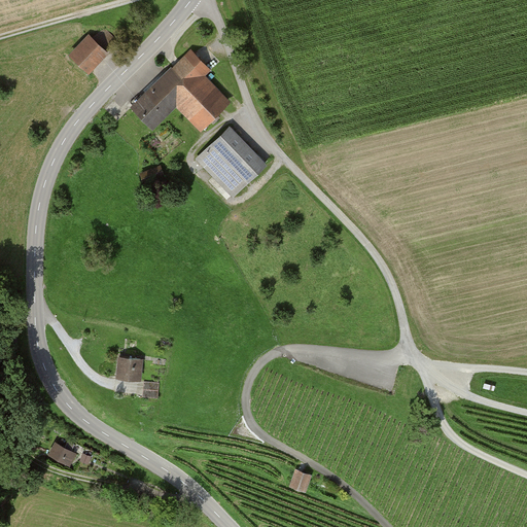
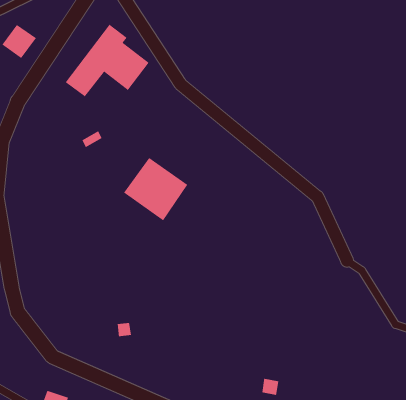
building: [194,126,267,199] -> [123,157,188,221]
building: [116,357,143,379] -> none

